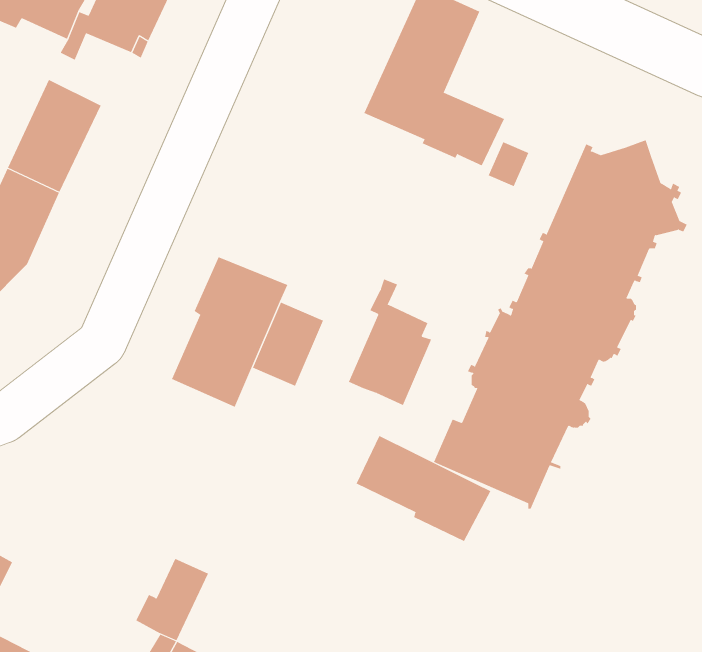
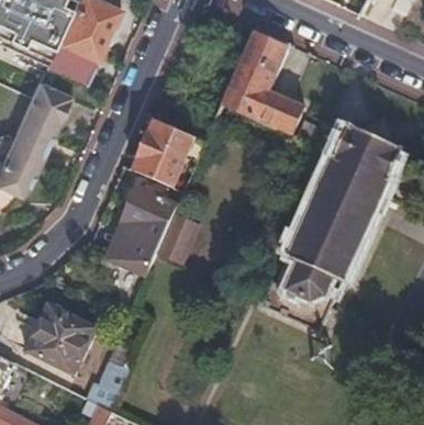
building: none -> [132,119,193,186]
building: [348,278,432,406] -> none
building: [356,435,491,542] -> none
building: none -> [24,303,97,373]

